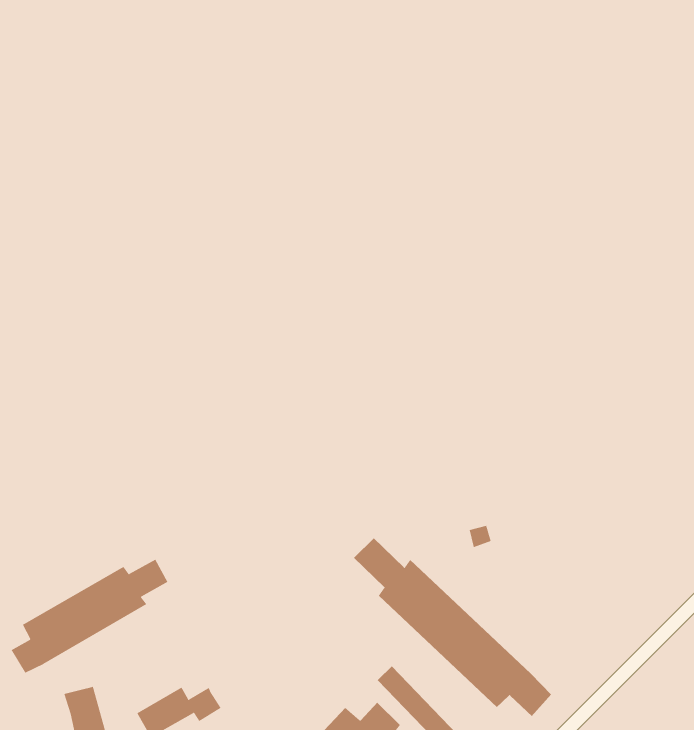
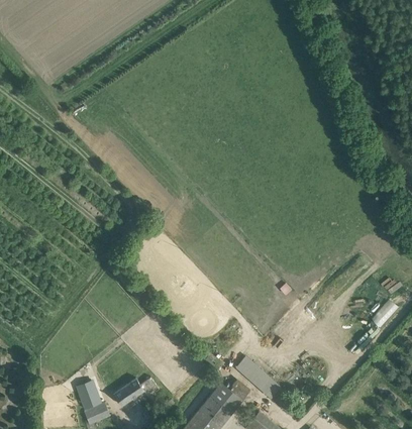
building: [353,538,552,717] -> none
building: [11,559,168,674] -> none

